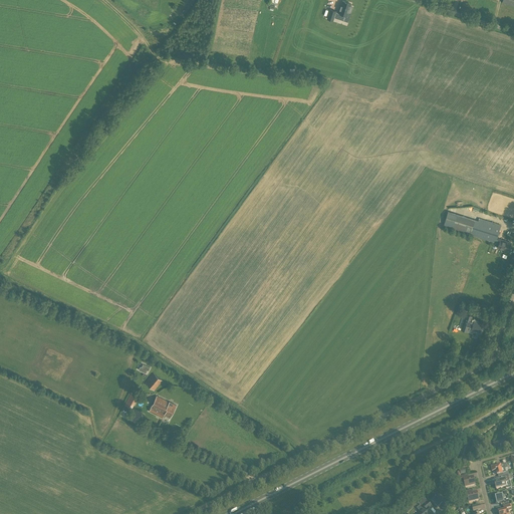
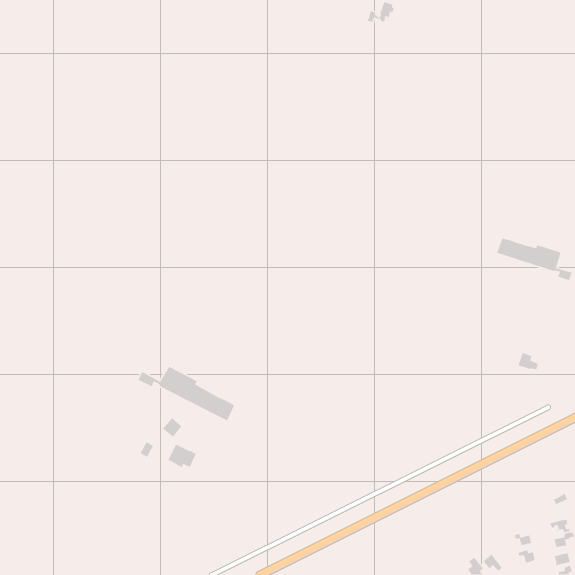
building: none -> [138,366,235,421]

